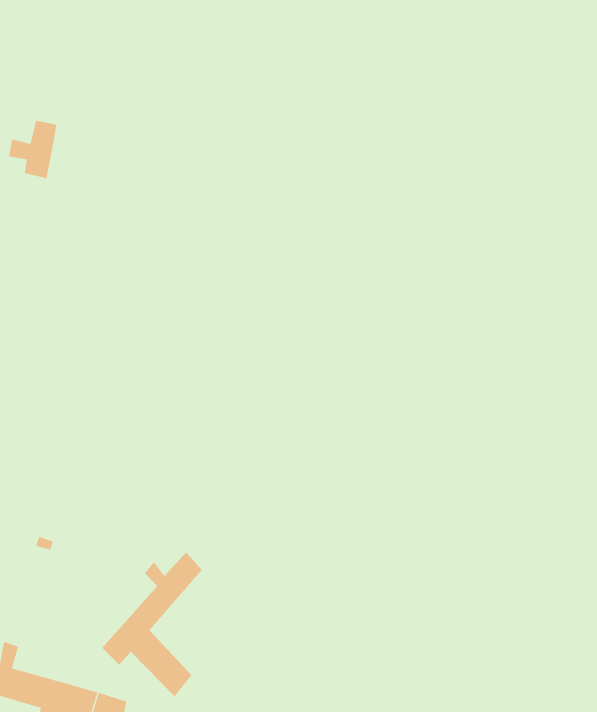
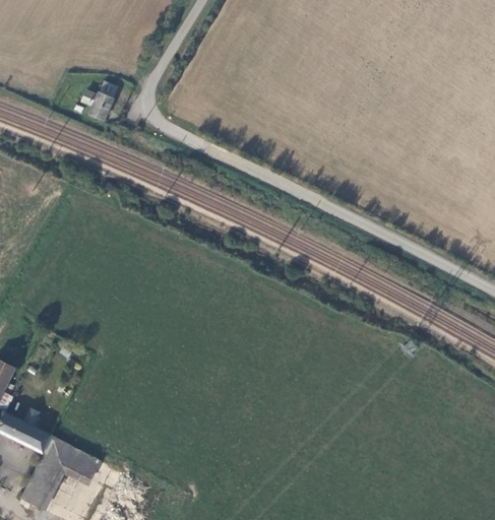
building: [101,552,203,697] -> none

